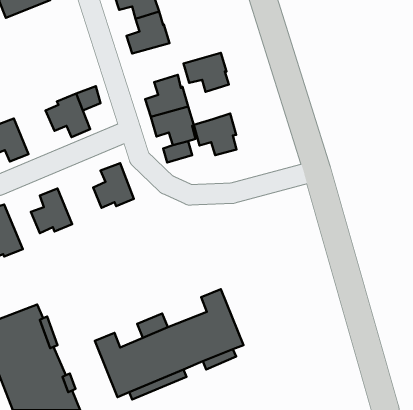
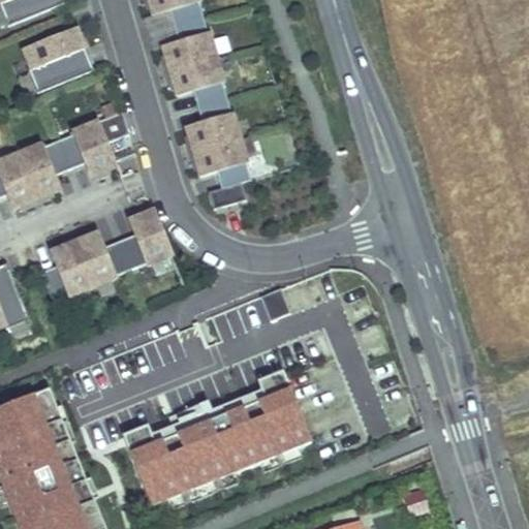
building: none -> [20,27,93,90]
building: [183,53,229,92] -> [168,55,226,104]
building: none -> [18,141,69,196]
building: [194,114,236,155] -> none
building: none -> [73,230,129,285]

